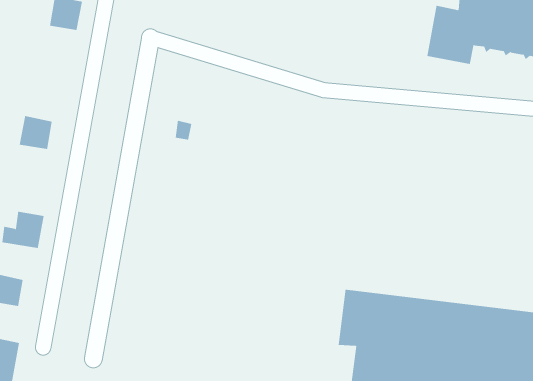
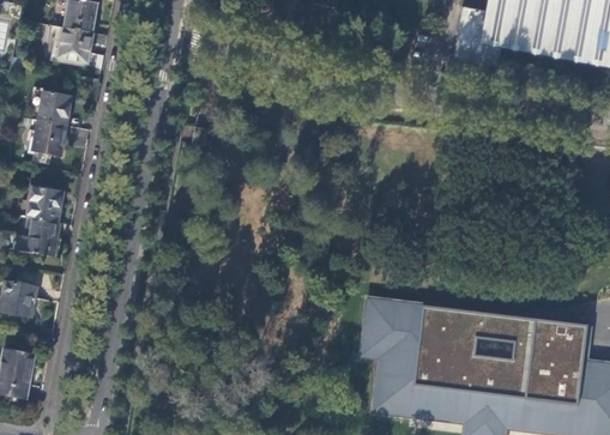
building: none -> [52,28,92,64]
building: none -> [38,92,73,127]
building: none -> [26,187,65,224]

